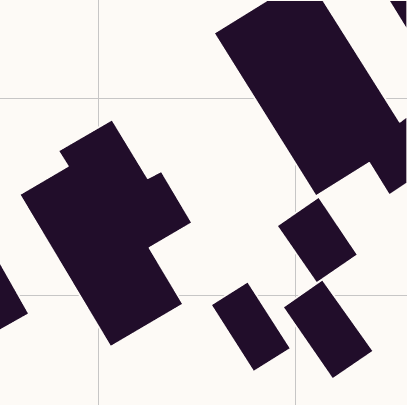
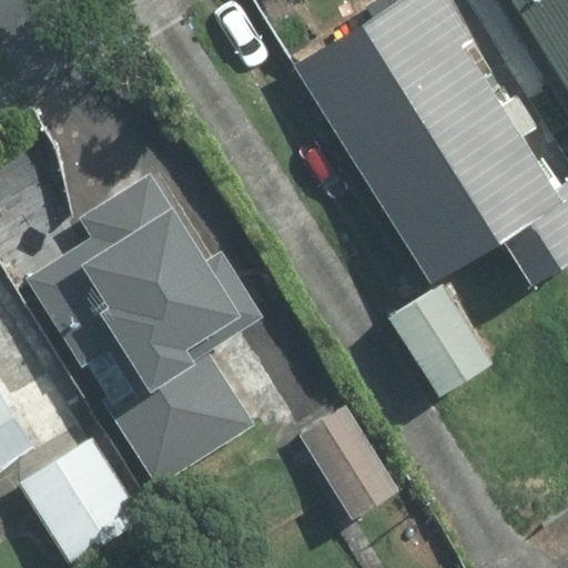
building: [283,279,374,379] -> none
building: none -> [19,438,142,561]

